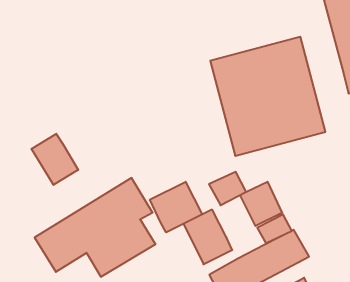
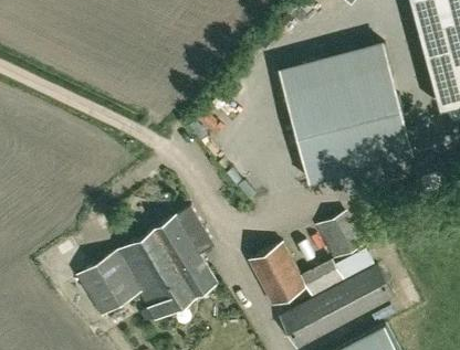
building: [31,134,78,185] -> none
building: [209,172,246,205] -> [299,262,342,300]
building: [150,182,202,232] -> none

